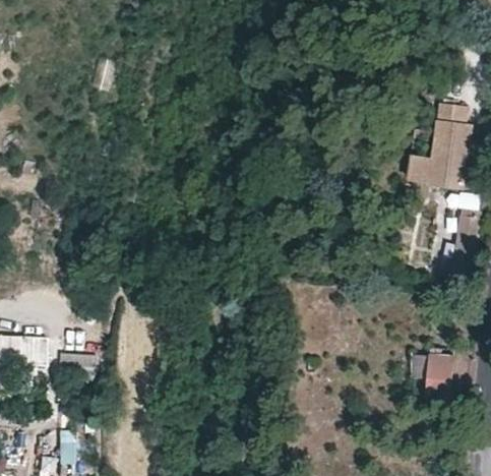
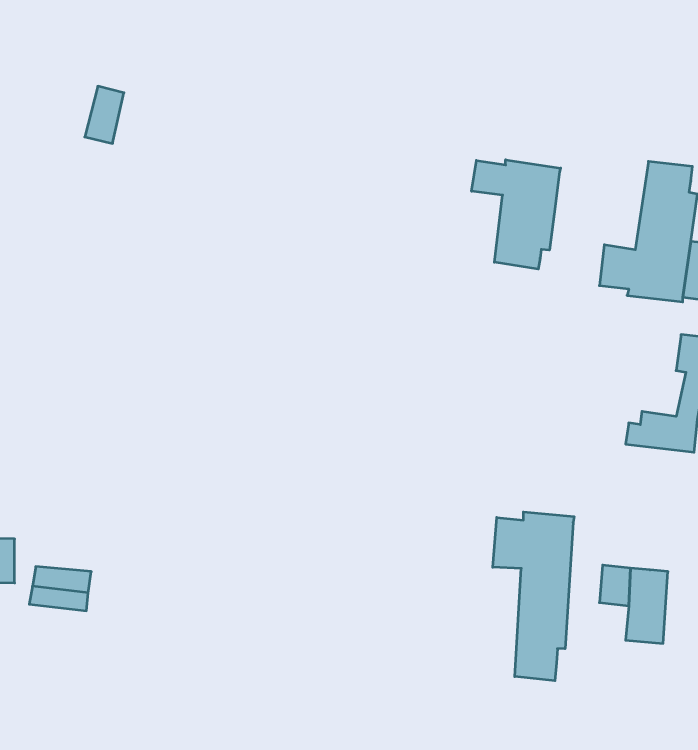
building: none -> [472,160,561,269]
building: none -> [493,512,574,681]

